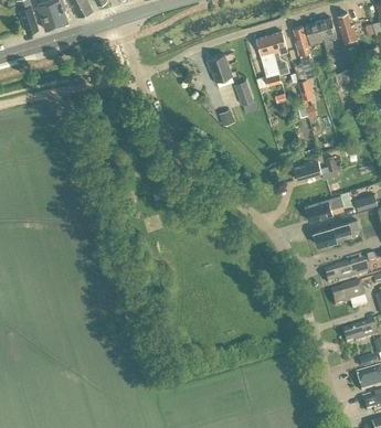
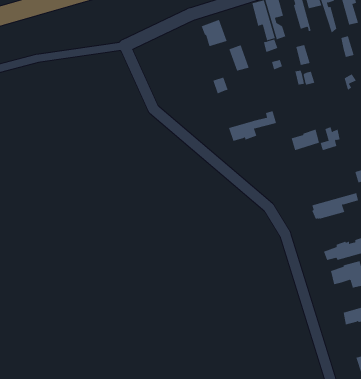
building: [304,191,350,221] -> [228,110,277,142]

